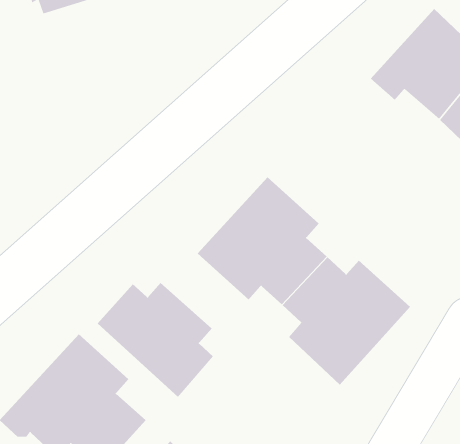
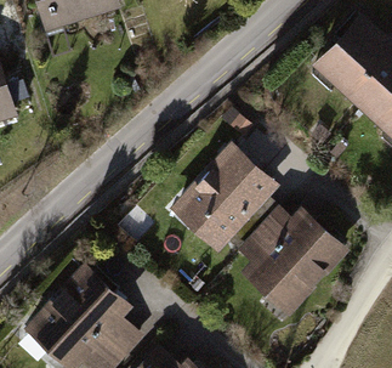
building: [97,282,214,398] -> none

